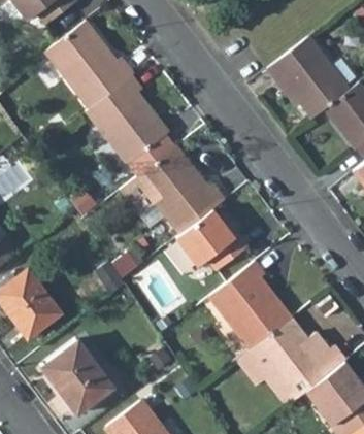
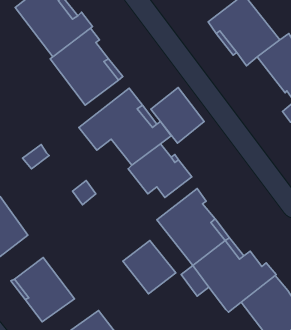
building: none -> [151,88,204,143]
building: none -> [123,241,176,294]

